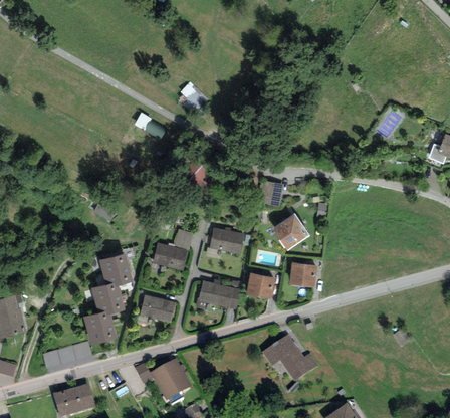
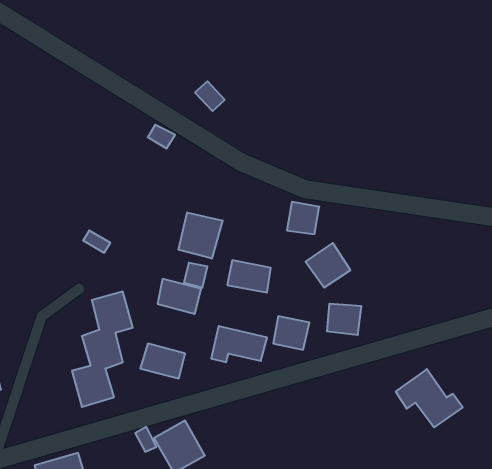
building: none -> [178,212,223,259]
building: [263,333,317,380] -> [396,369,463,427]
building: [42,341,91,368] -> none

